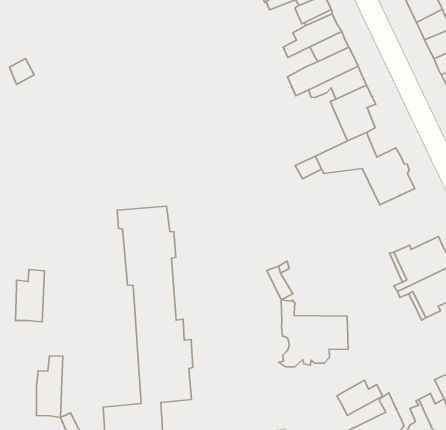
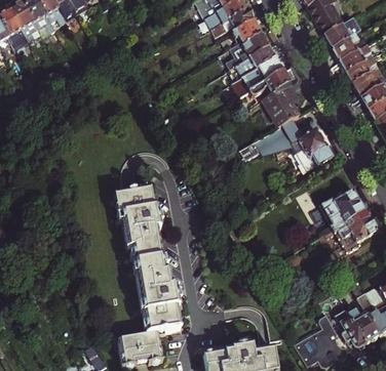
building: [16,270,44,322] -> none
building: [278,300,348,367] -> none
building: [36,356,63,418] -> none
building: [337,380,383,415] -> none

